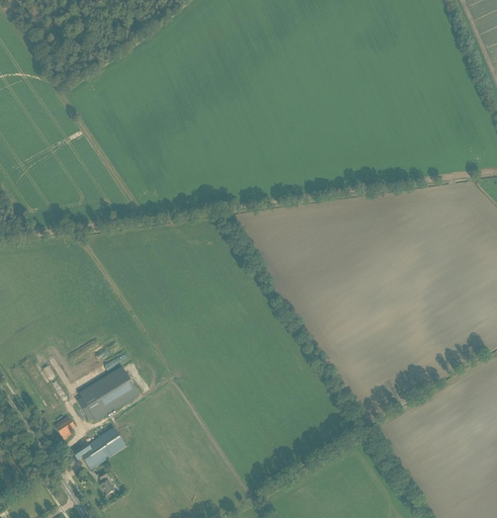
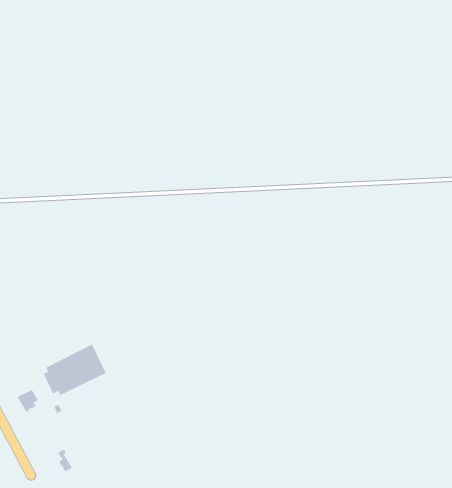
building: [70,428,126,469] -> none

